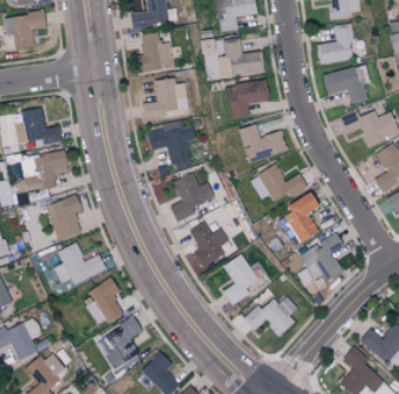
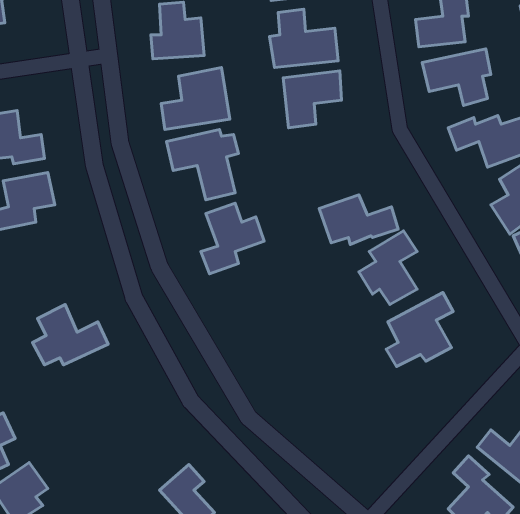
building: [239,124,287,161] -> none
building: [47,195,82,239] -> none
building: [188,221,227,267] -> none
building: [223,252,258,304] -> none
building: [88,279,122,319] -> none
building: [243,296,297,335] -> none
building: [95,317,142,369] -> none

